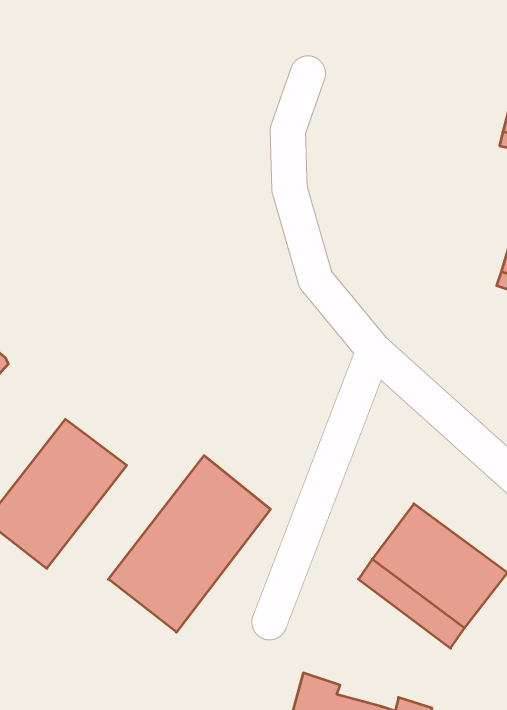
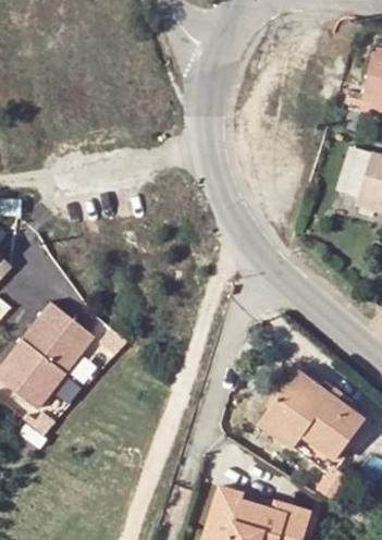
building: [108,456,270,632] -> none

